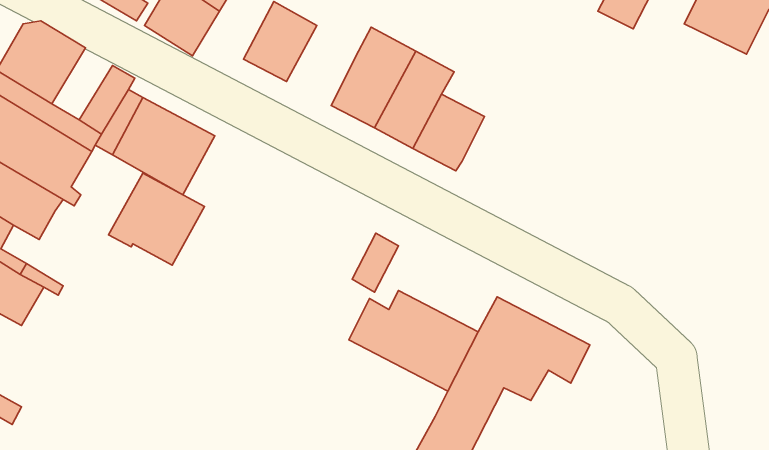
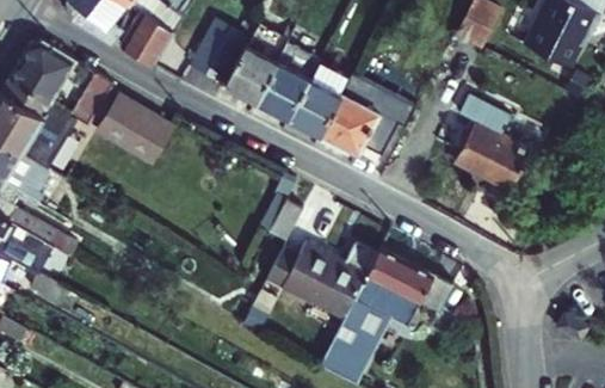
building: none -> [226,47,278,104]
building: none -> [456,93,532,189]
building: none -> [356,103,400,156]
building: [109,173,205,265] -> none

